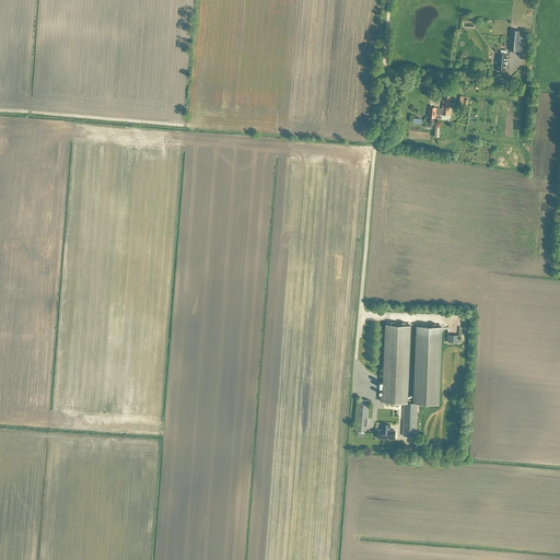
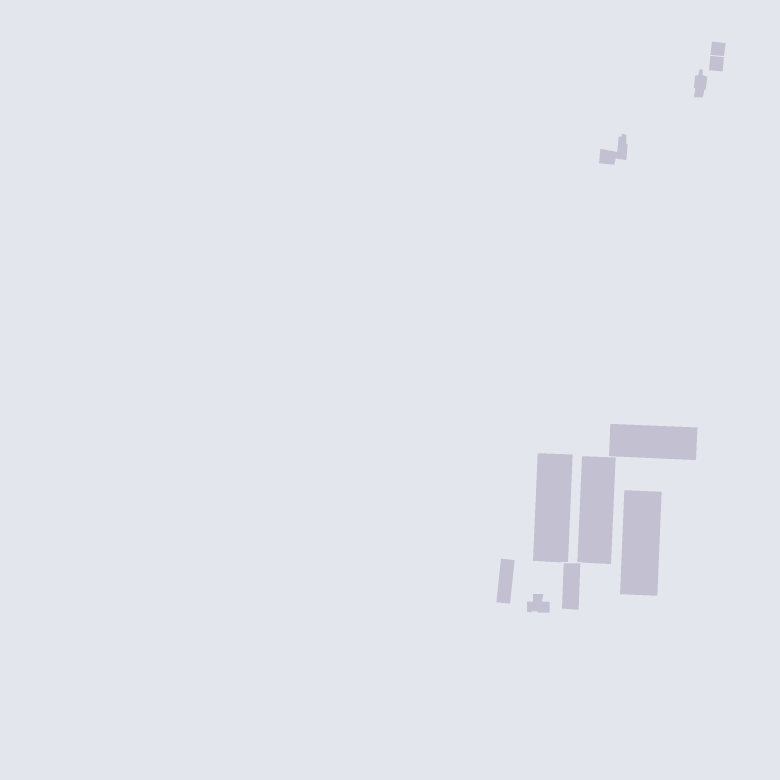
building: none -> [608,423,698,461]
building: none -> [619,490,662,597]

